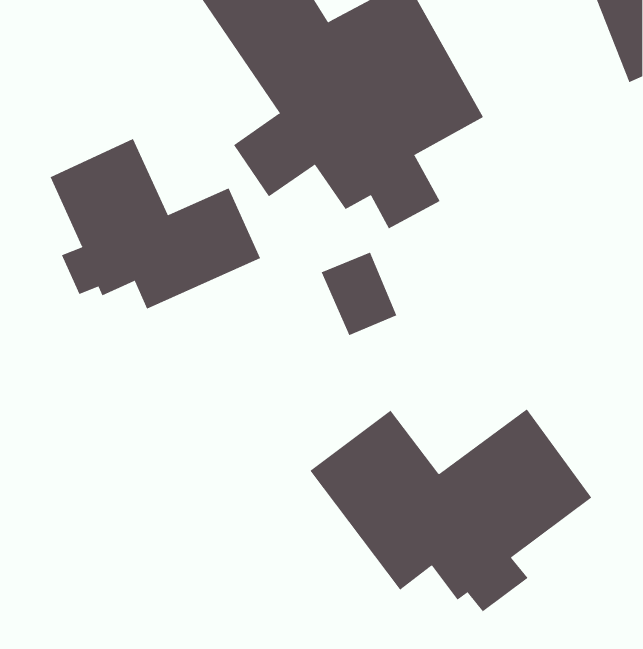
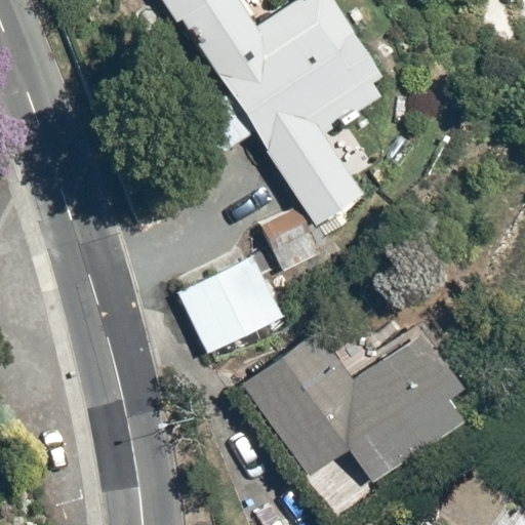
building: [50,138,261,309] -> none
building: none -> [172,254,281,355]

